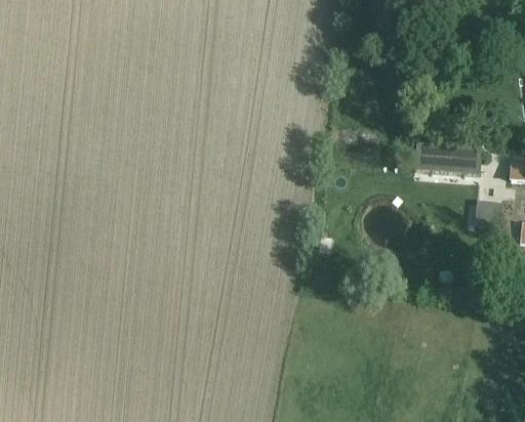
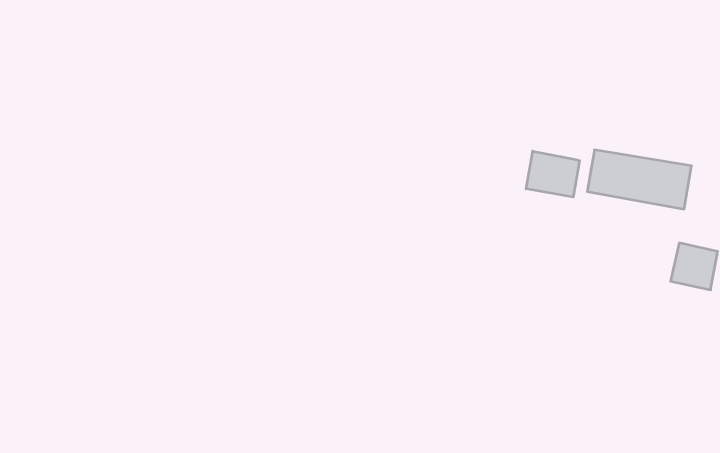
building: none -> [526,151,580,197]

